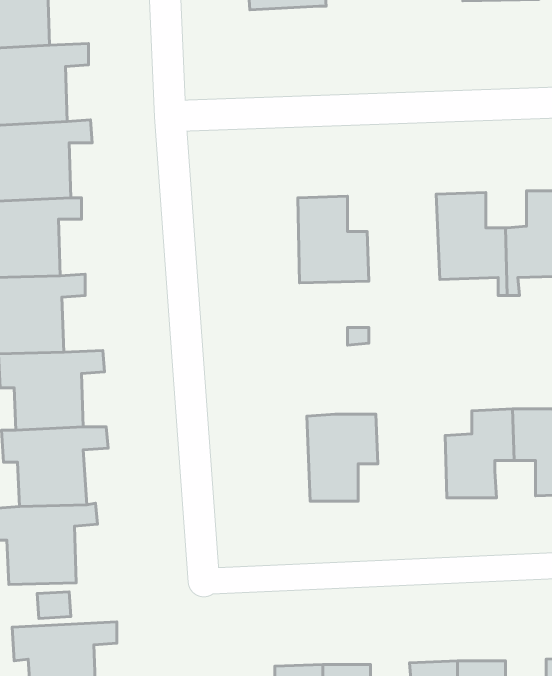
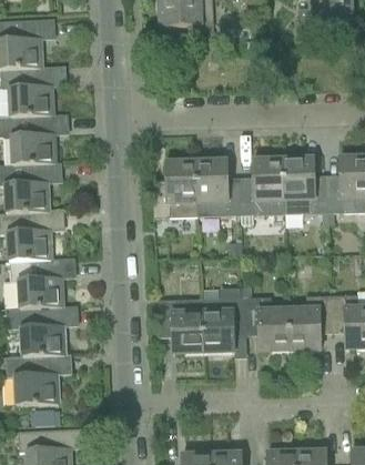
building: none -> [240,160,285,214]
building: none -> [152,162,197,218]
building: none -> [245,296,290,351]
building: none -> [158,299,204,353]

